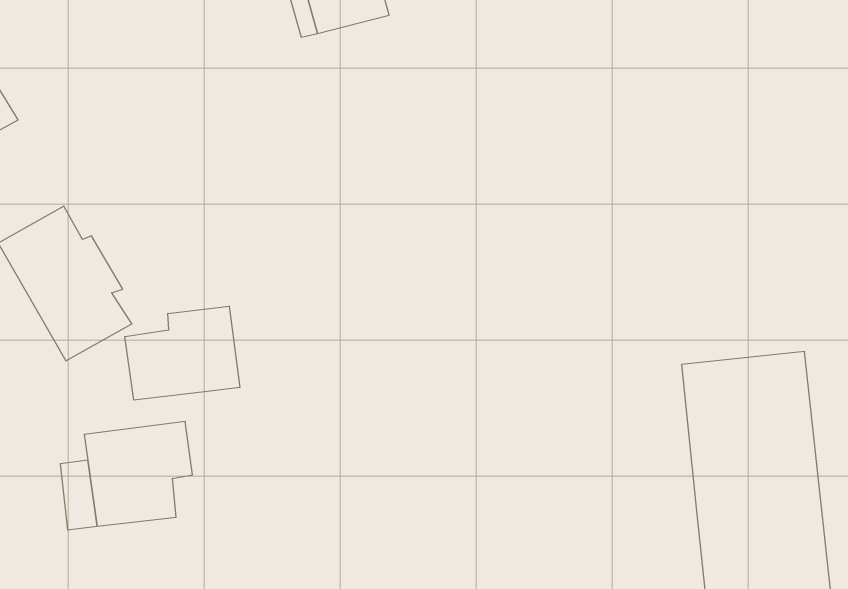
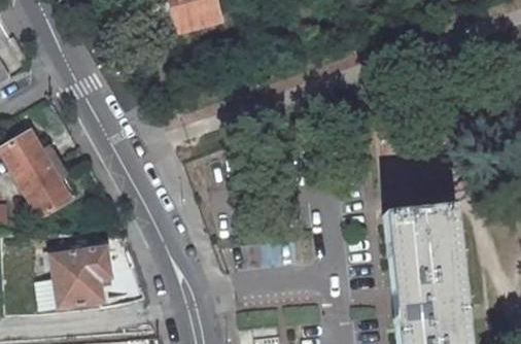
building: [125,306,240,400] -> none

